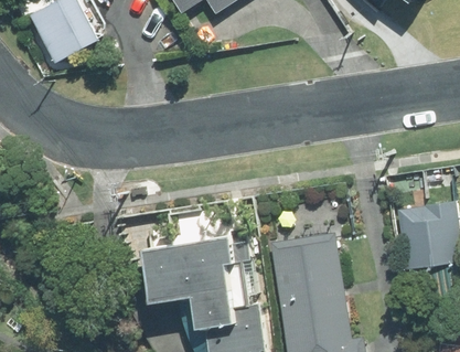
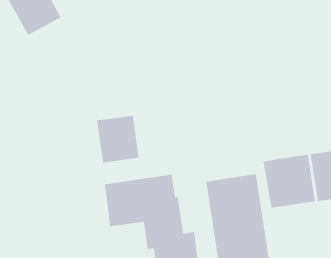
building: none -> [97,115,139,164]
building: none -> [263,154,315,209]

